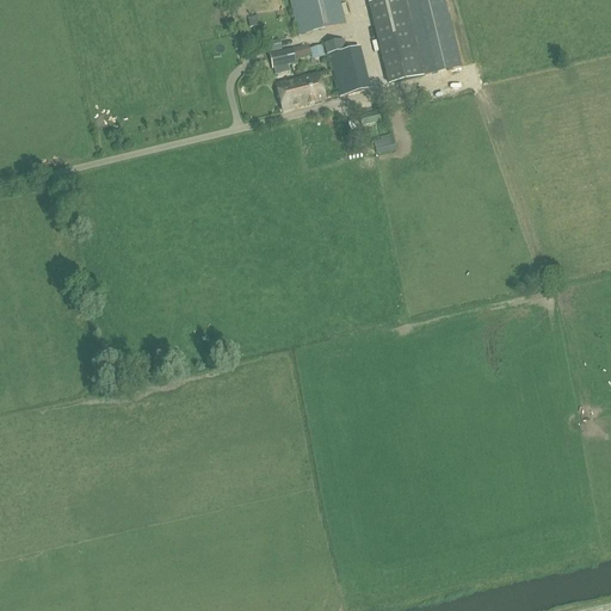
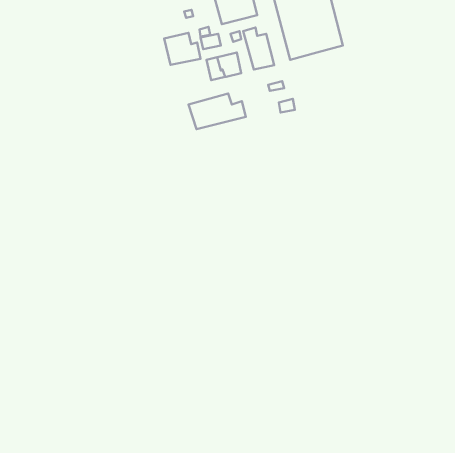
building: none -> [164,33,200,65]
building: none -> [189,94,246,129]

